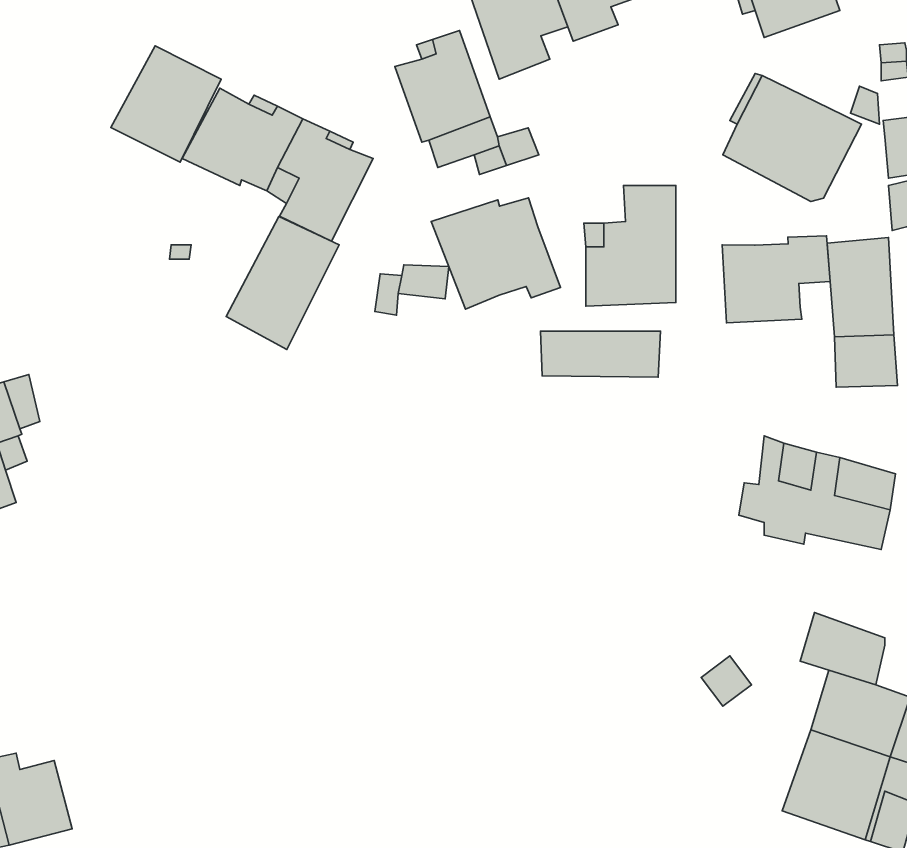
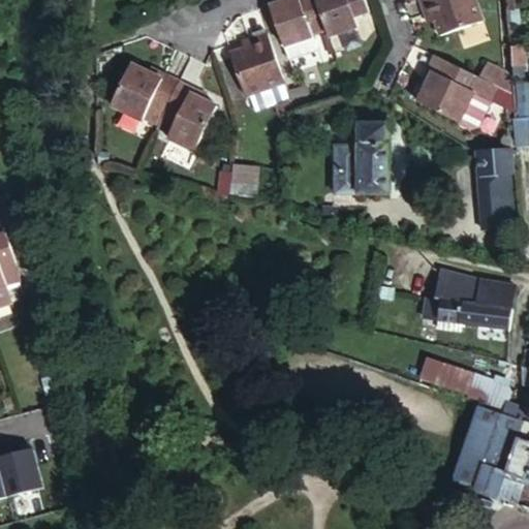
building: [111,46,221,162] -> none
building: [431,198,560,309] -> none
building: [226,217,339,350] -> none
building: [722,236,830,323] -> none
building: [540,331,661,377] -> none
building: none -> [418,351,468,393]

